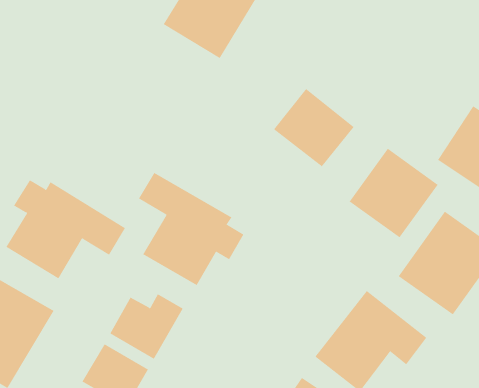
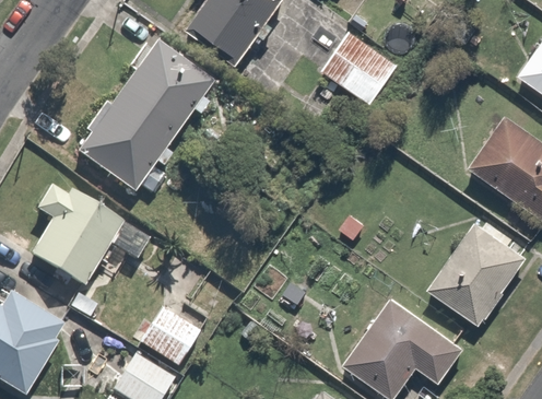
building: none -> [76,40,217,197]
building: [273,88,355,167] -> [318,28,400,108]
building: [349,148,439,238] -> none
building: [138,172,244,286] -> none

